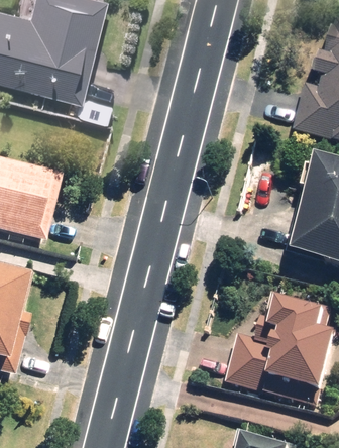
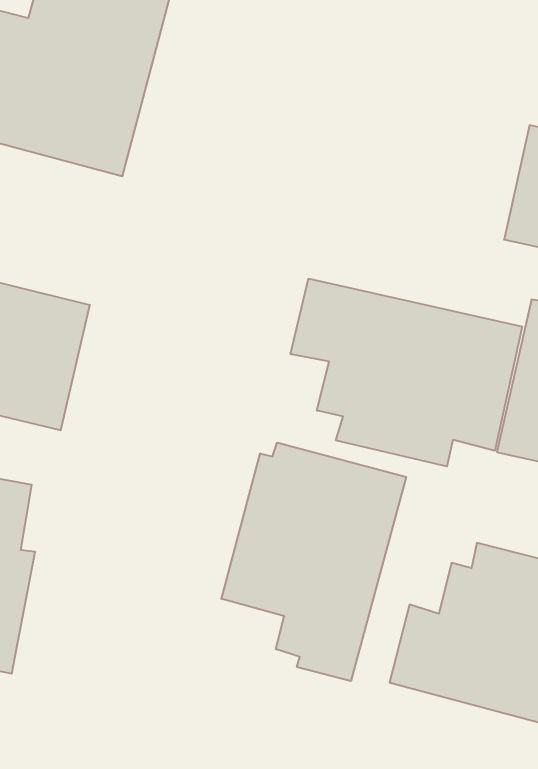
building: none -> [290,279,522,466]
building: none -> [221,443,406,681]

